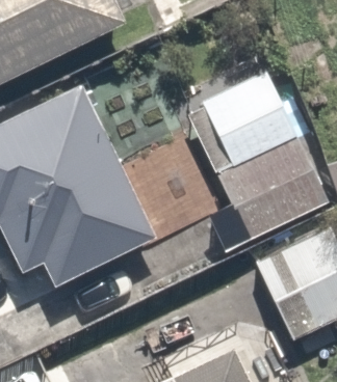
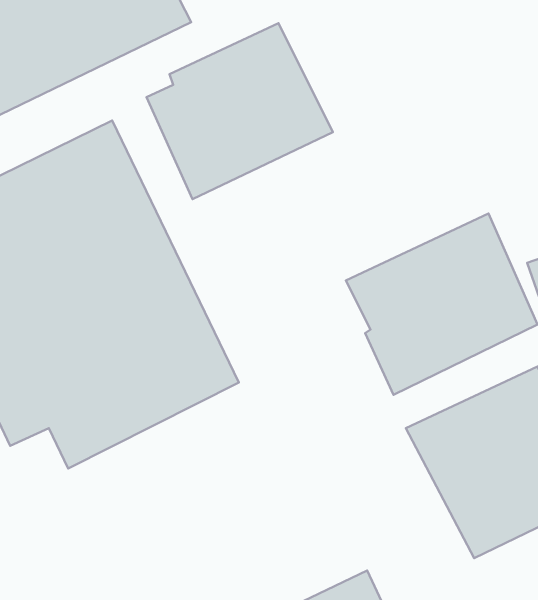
building: [188,71,299,174] -> [147,23,333,199]

